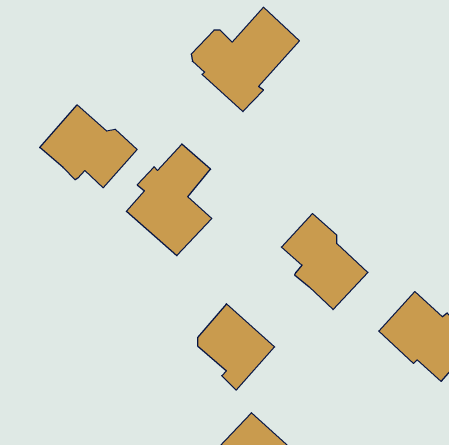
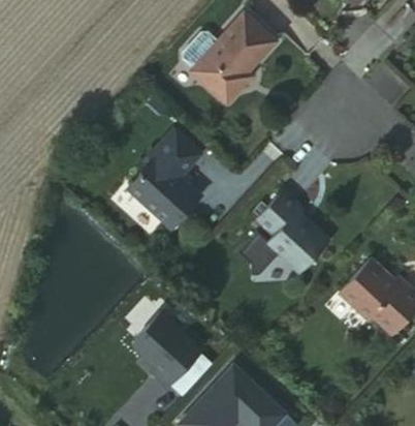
building: [40,105,137,188] -> none
building: none -> [242,234,283,275]
building: [198,304,275,390] -> [135,312,201,387]

